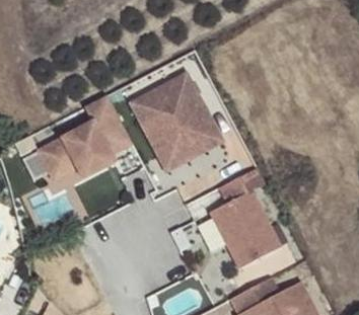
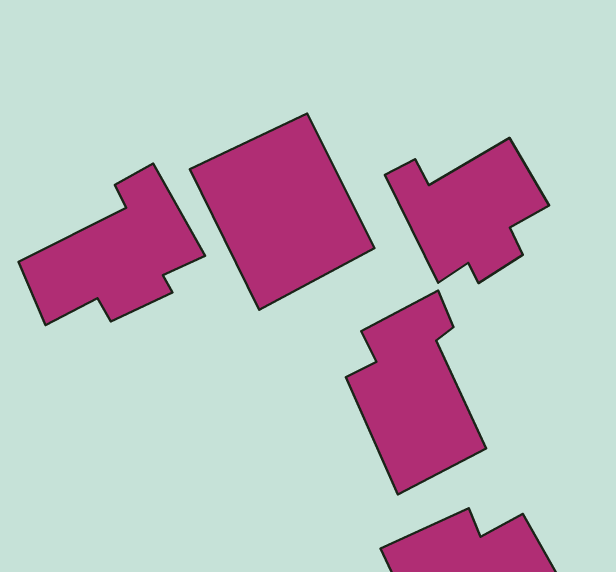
building: none -> [385,138,549,283]

